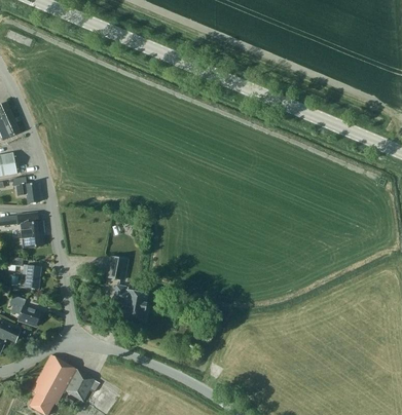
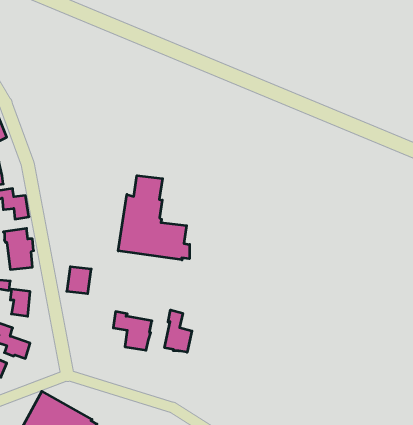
building: none -> [118,176,190,260]
building: [106,256,127,279] -> [67,267,91,294]
building: none -> [165,310,192,352]

